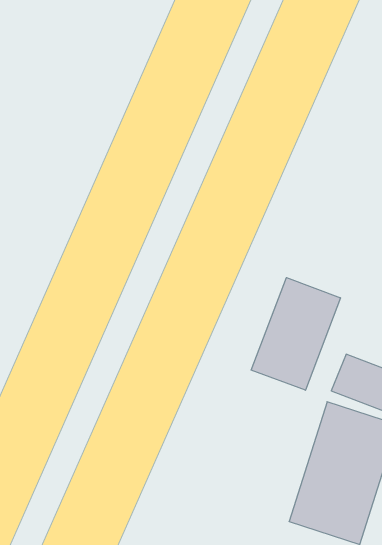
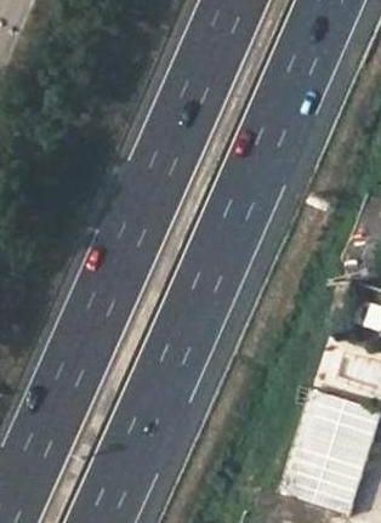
building: [251,278,340,390] -> none

